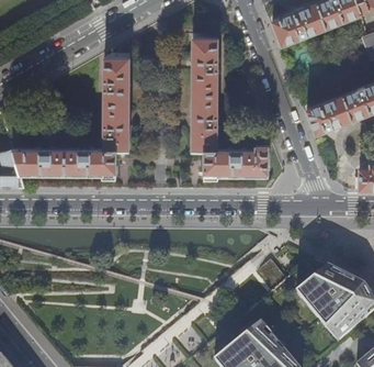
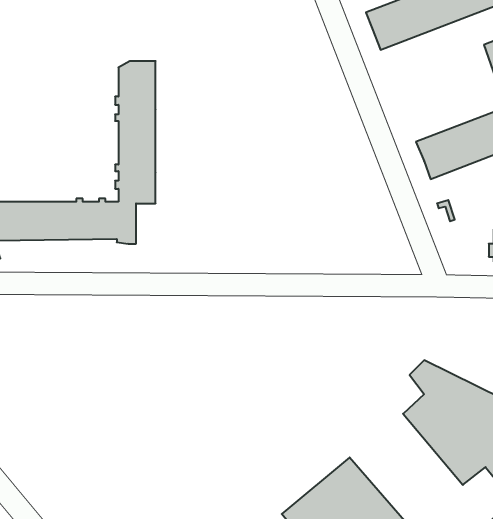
building: [192,34,268,178] -> none

